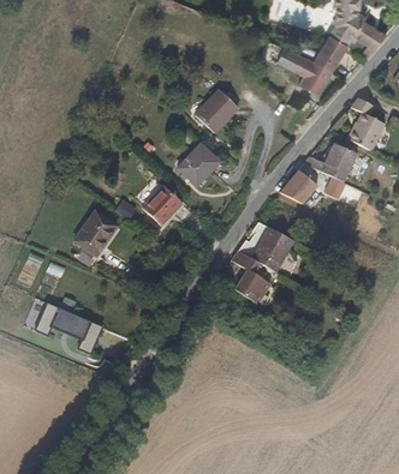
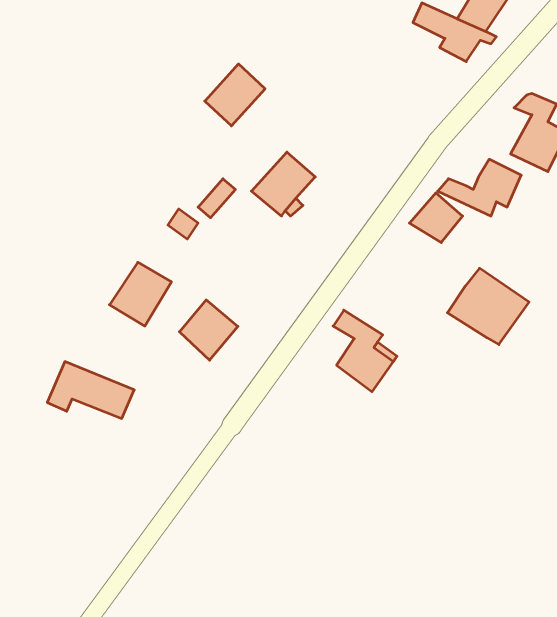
building: [201,96,242,138] -> [205,64,265,126]
building: [142,192,181,233] -> [179,300,238,360]
building: [236,226,291,277] -> [447,268,529,345]

